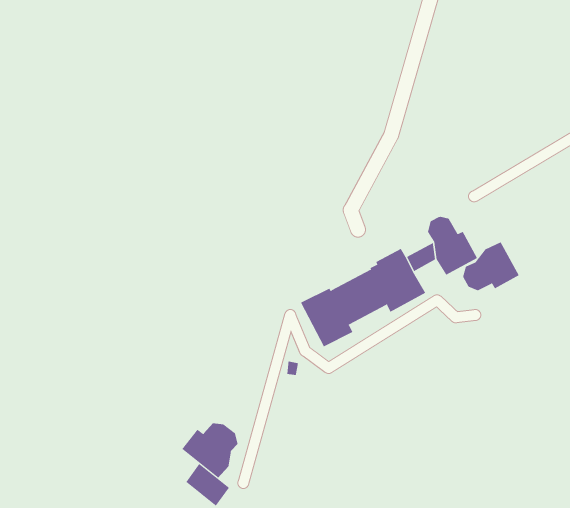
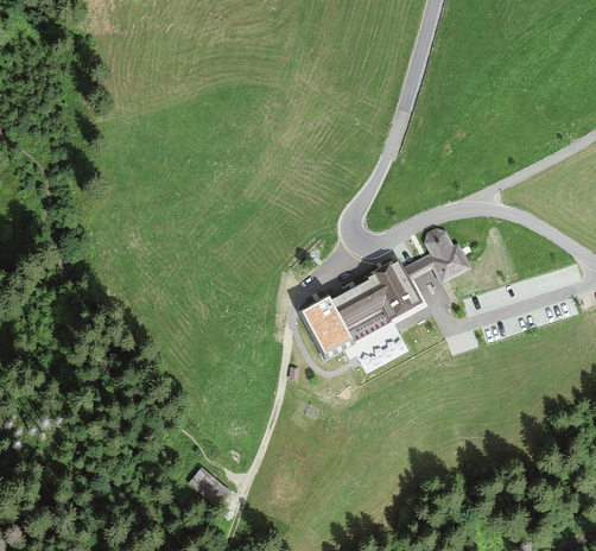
building: [462,241,520,291] -> none
building: [181,422,238,478] -> none

